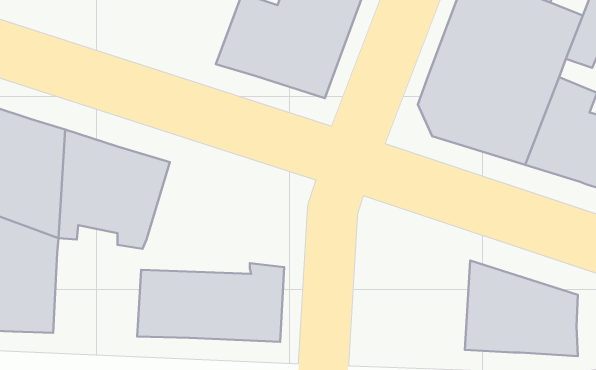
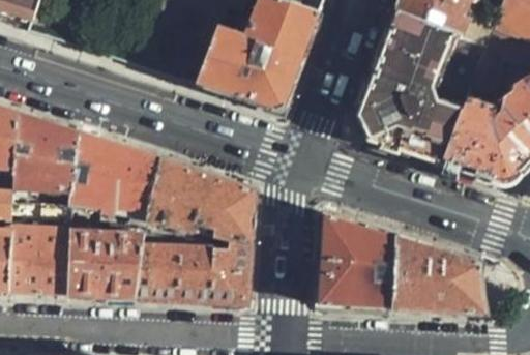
building: none -> [143,159,256,242]
building: none -> [321,213,399,307]
building: none -> [69,231,140,297]

